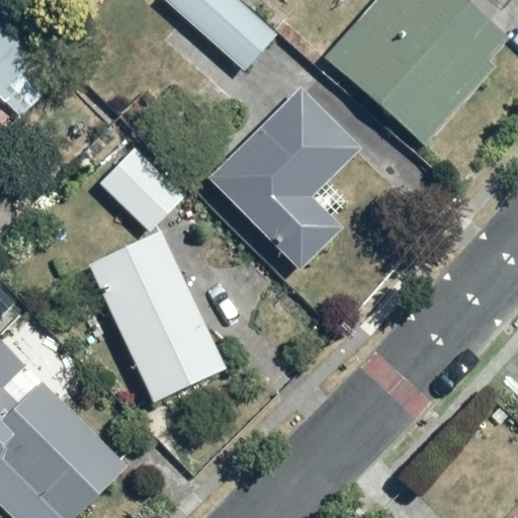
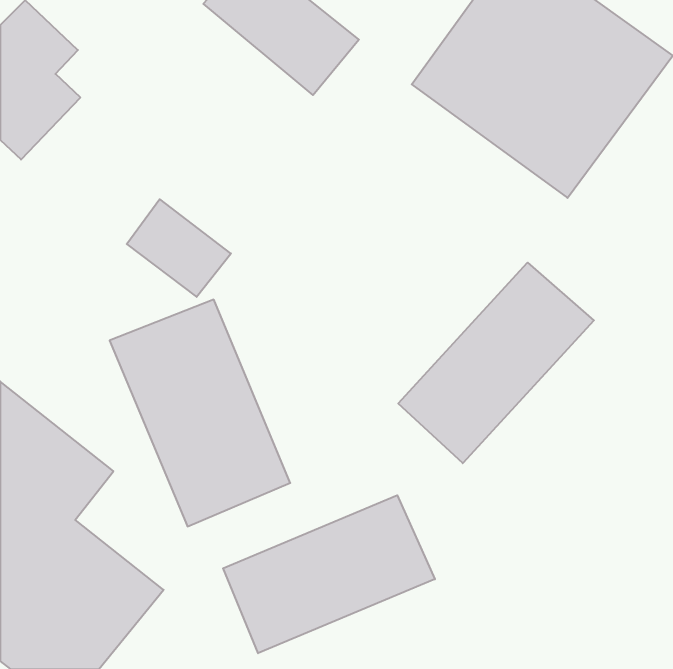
building: [199,78,367,273] -> none
building: none -> [398,263,594,463]
building: none -> [223,495,435,653]

